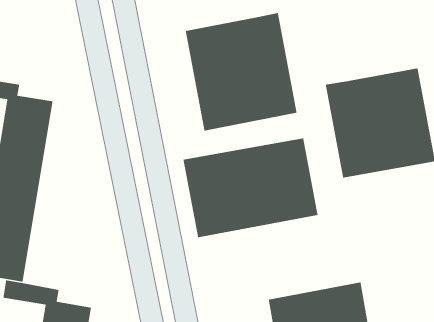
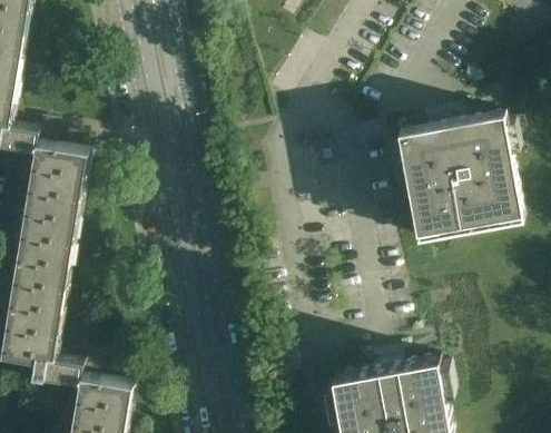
building: [185,12,298,131] -> none
building: [182,137,319,238] -> none

